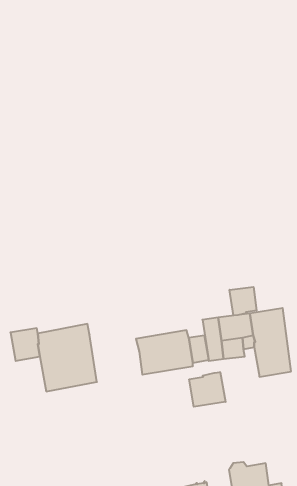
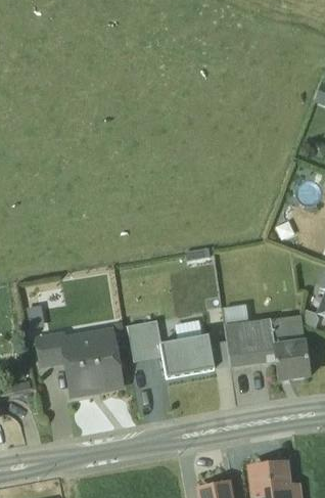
building: [230,287,257,315] -> none
building: none -> [127,321,161,361]
building: [189,372,226,407] -> none

